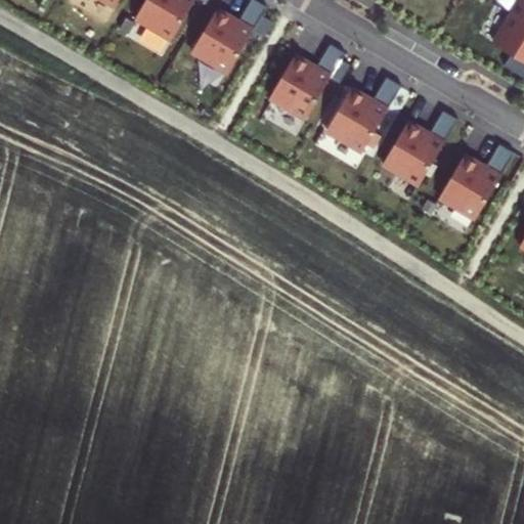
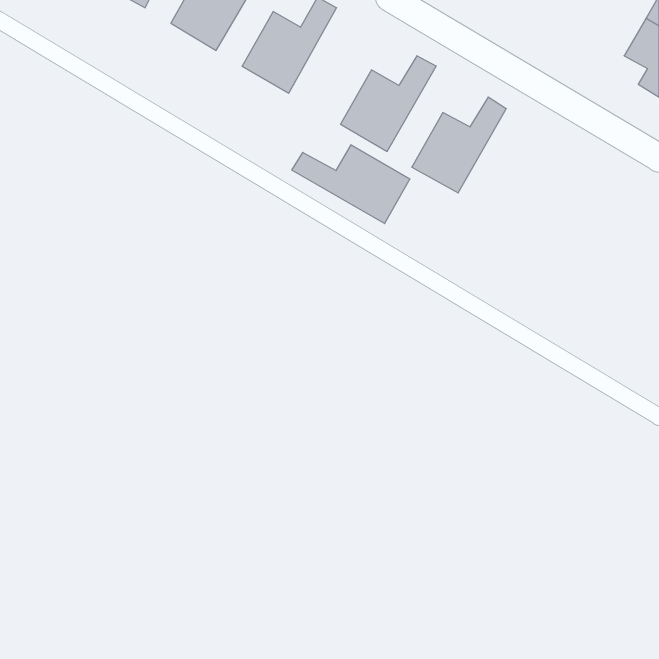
building: [382,111,457,186] -> none
building: none -> [292,145,410,224]
building: [439,143,514,220] -> none

